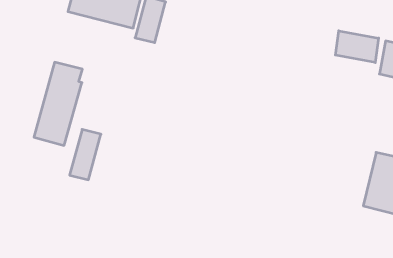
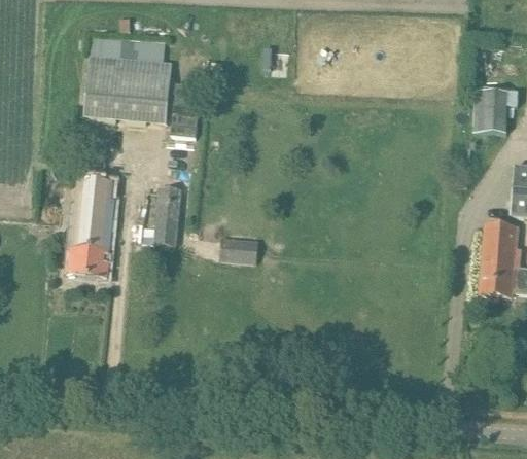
building: [335,31,379,63] -> none
building: none -> [219,235,258,262]
building: [70,129,101,180] -> [152,184,182,244]

